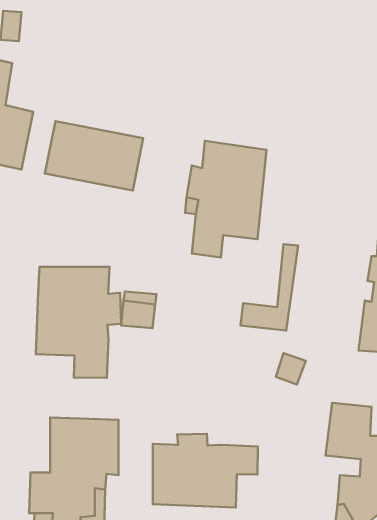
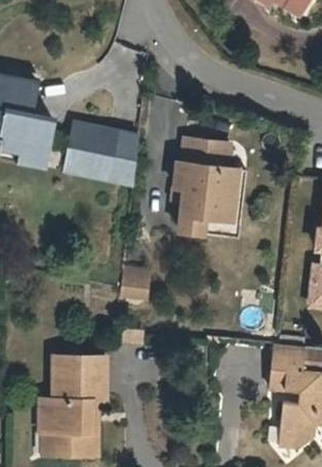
building: [240,244,298,331] -> [195,164,241,233]
building: [36,267,121,378] -> none
building: [153,434,258,507] -> none

